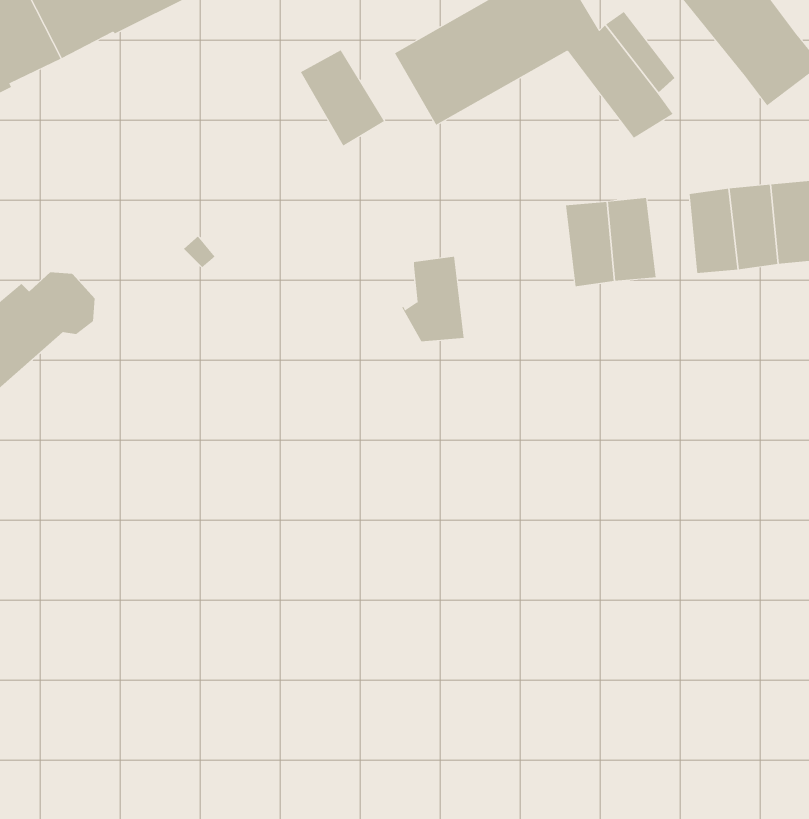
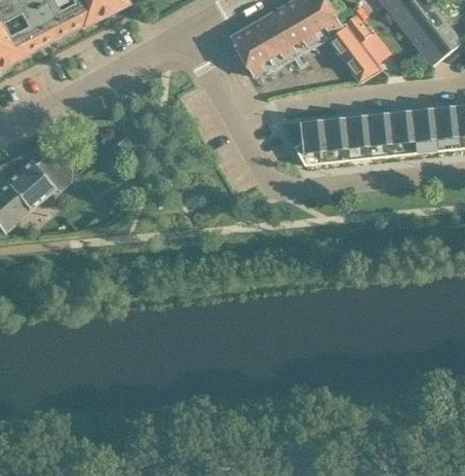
building: [300,50,385,147] -> none
building: none -> [370,112,396,157]
building: [402,256,464,342] -> [297,118,331,164]

